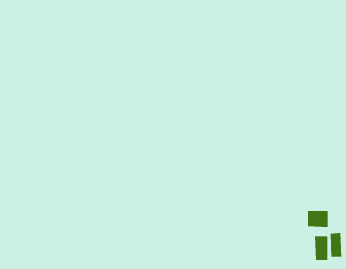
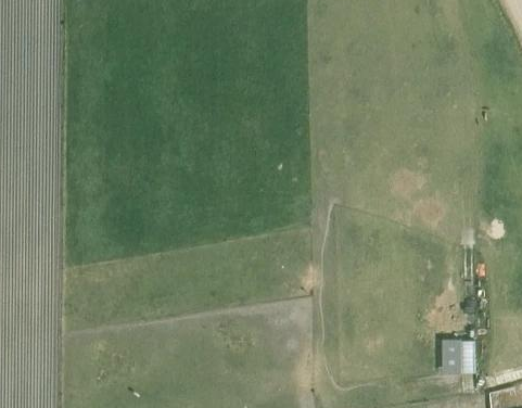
building: [307,210,328,228] -> none

